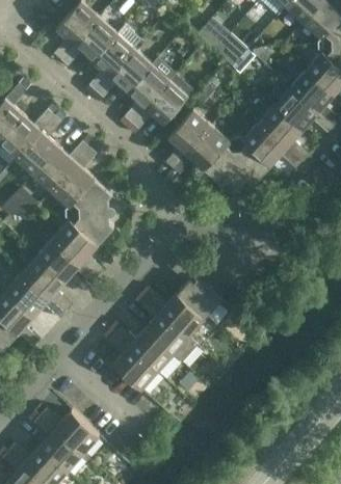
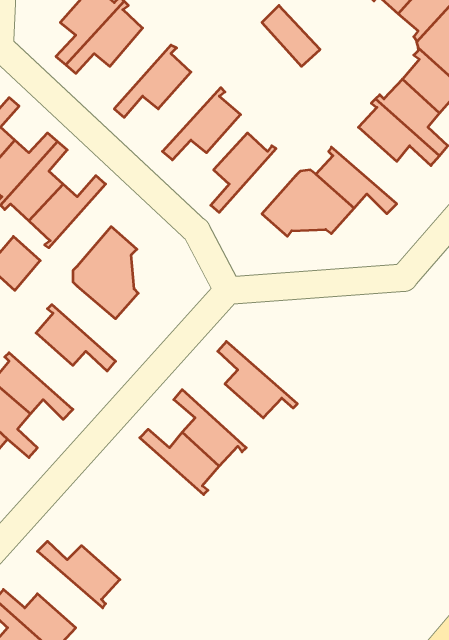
building: [88,33,136,92] -> none
building: [123,65,173,124] -> none
building: [254,106,308,162] -> none
building: [172,122,228,176] -> none
building: [47,147,96,208] -> none
building: [49,222,102,277] -> none
building: [18,257,71,313] -> none
building: [145,291,204,341] -> none
building: [107,333,160,391] -> none
building: [32,416,86,473] -> none

